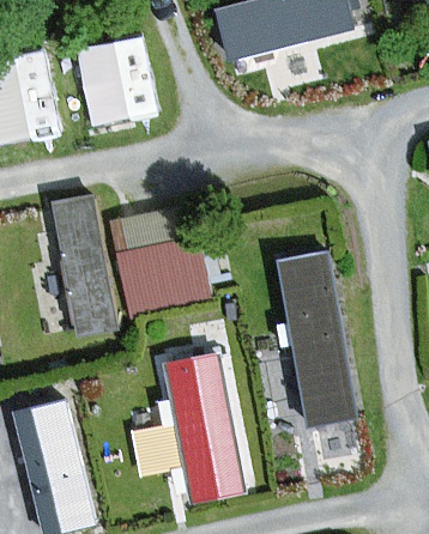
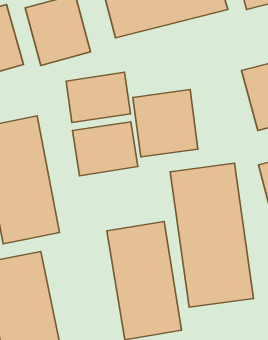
building: none -> [66,72,130,123]
building: none -> [133,90,198,157]

